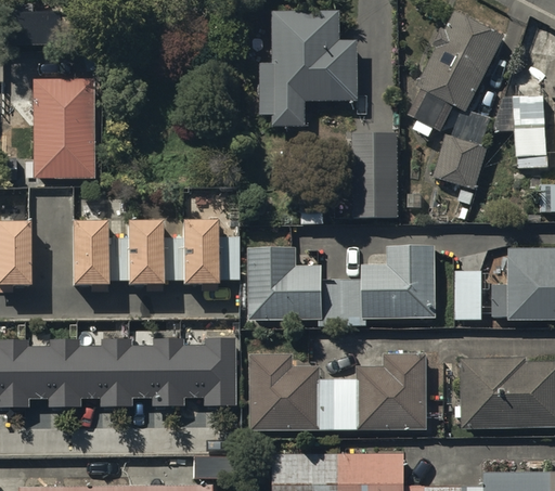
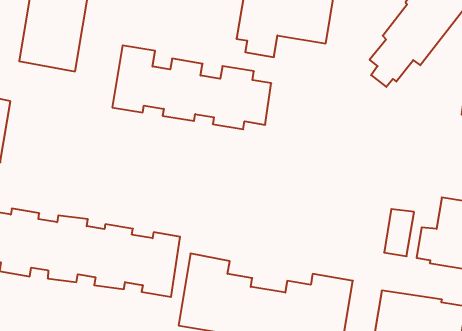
building: [351,131,399,217] -> none
building: [431,133,487,190] -> none
building: [72,220,238,288] -> [112,45,271,129]
building: [249,246,435,326] -> none

